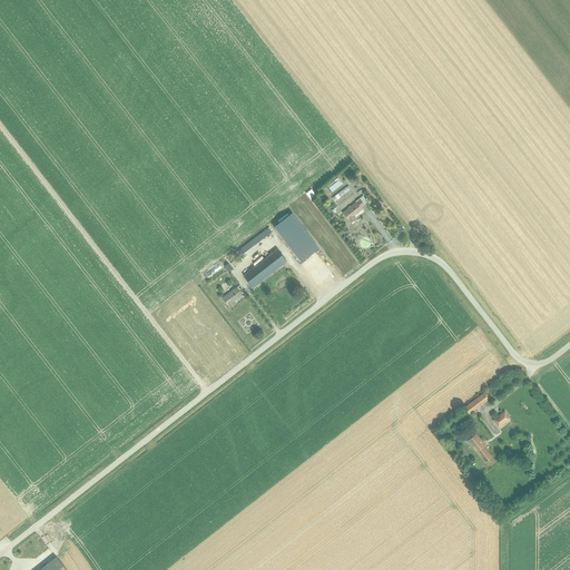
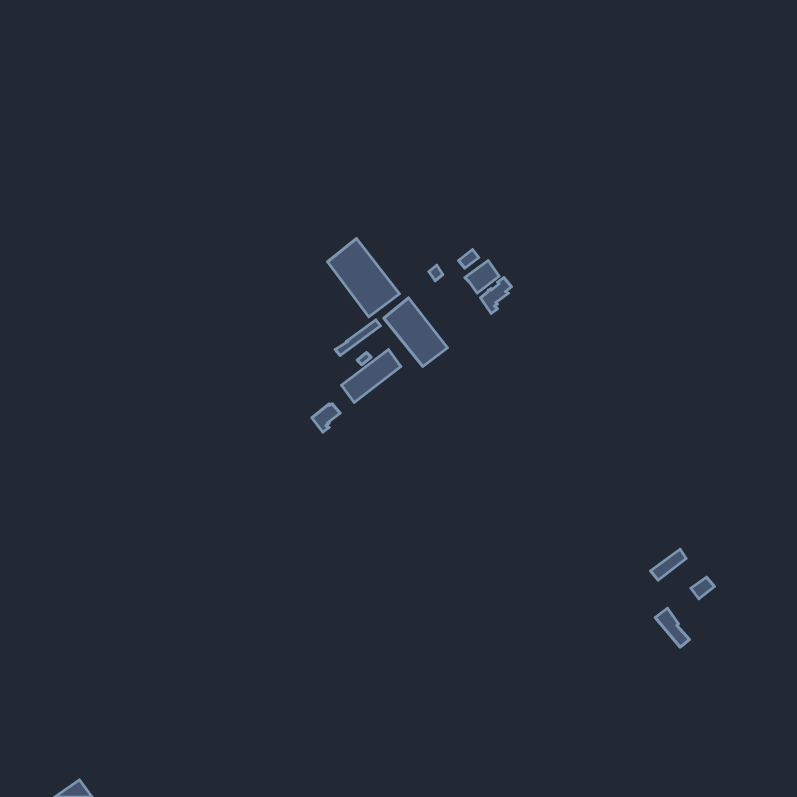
building: none -> [328,239,399,317]

